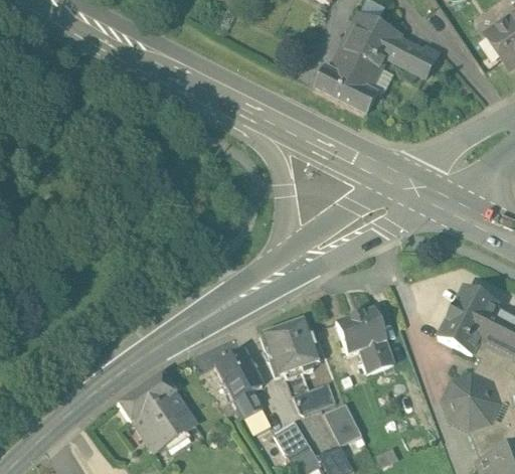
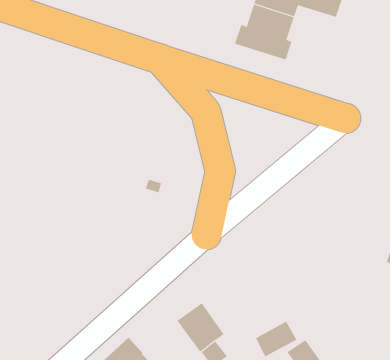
building: [336,306,394,371] -> none
building: [261,317,320,377] -> none

